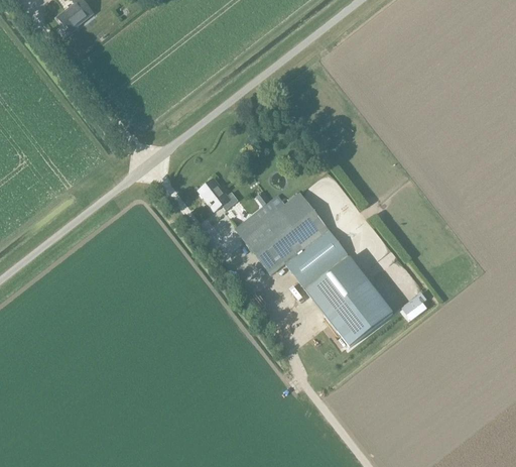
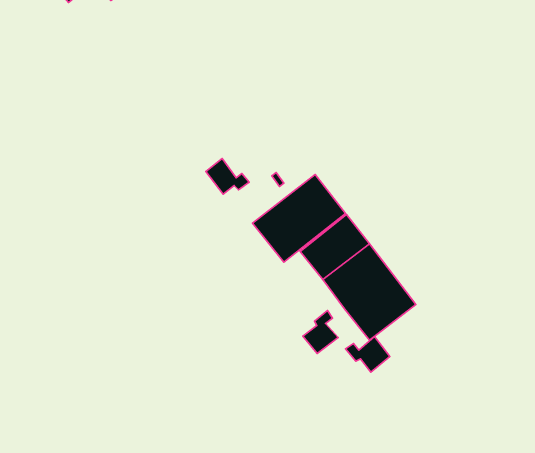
building: none -> [303,310,338,353]
building: none -> [345,336,390,372]

